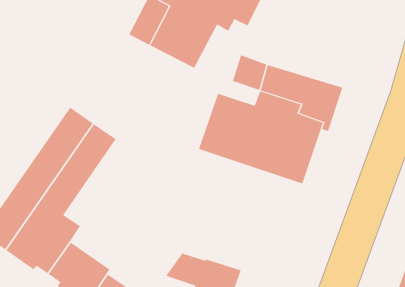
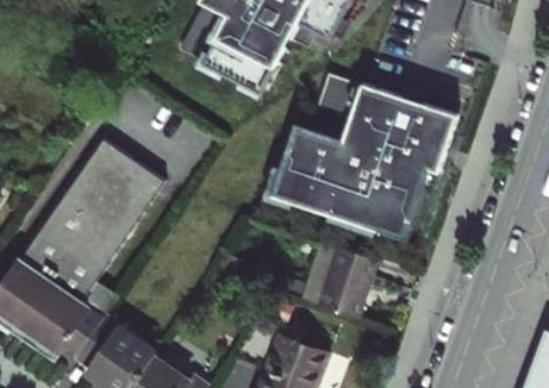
building: none -> [317,246,375,320]

